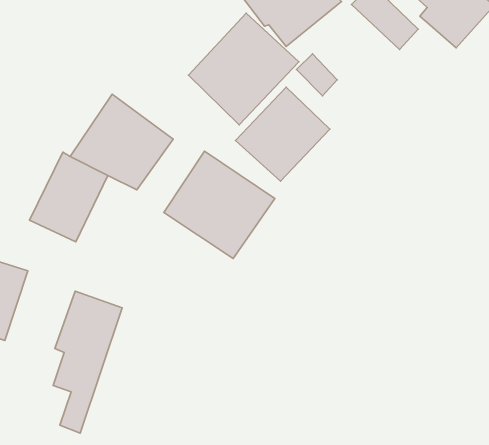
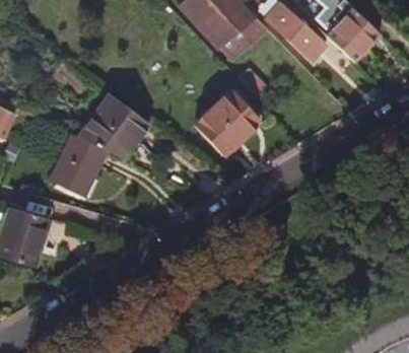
building: [188,13,299,125] -> none
building: [164,151,275,258] -> none
building: [53,291,122,433] -> none

